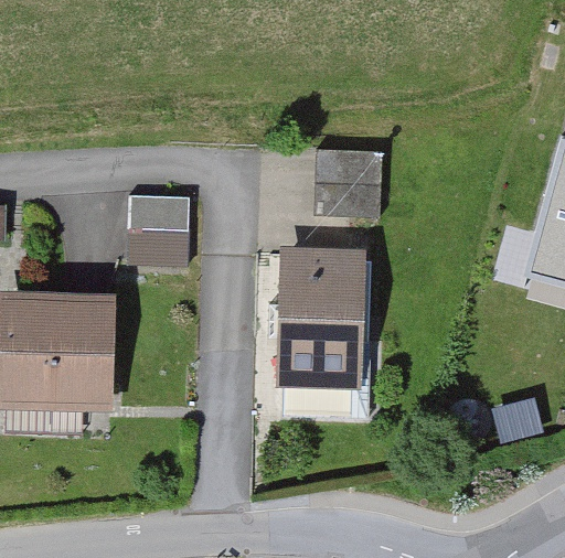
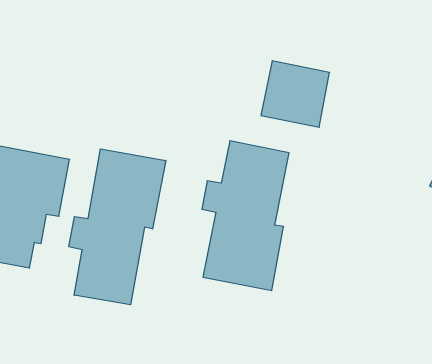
building: [127,190,190,261] -> none
building: none -> [69,149,166,305]

